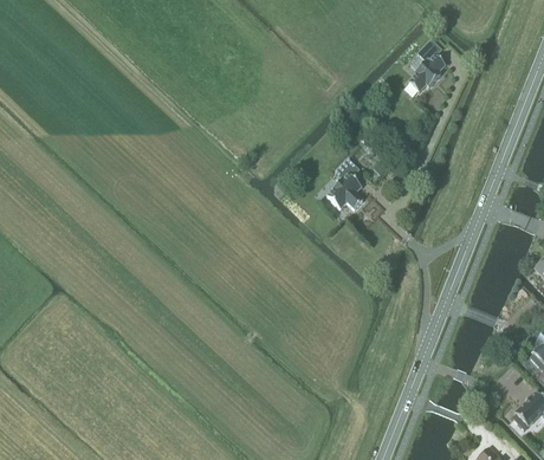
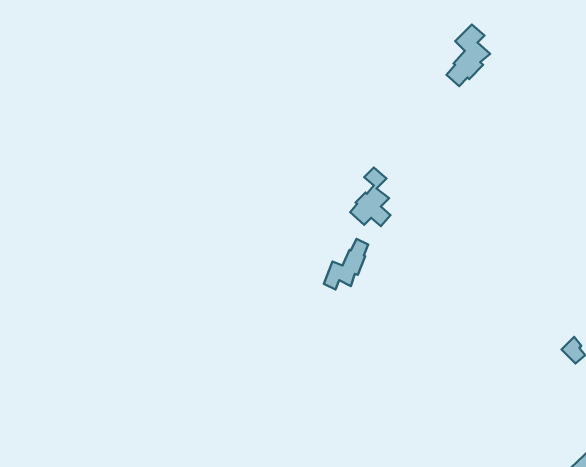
building: none -> [324,239,368,290]

